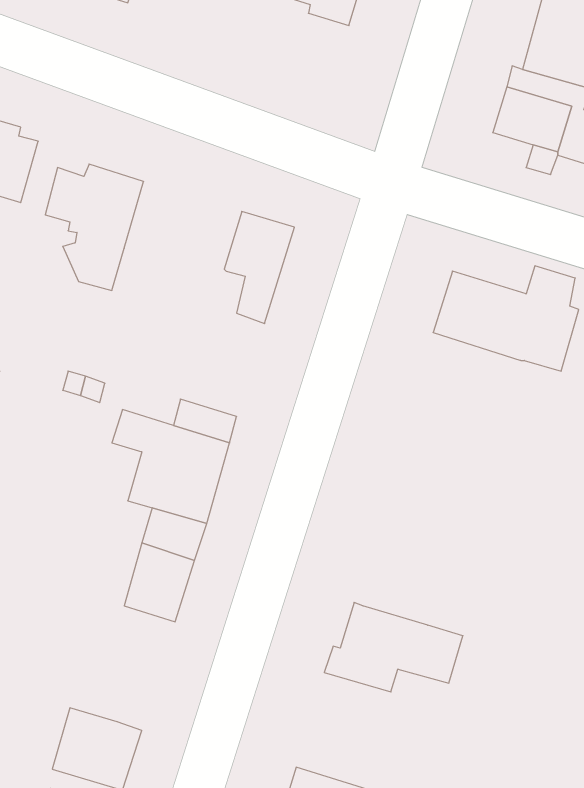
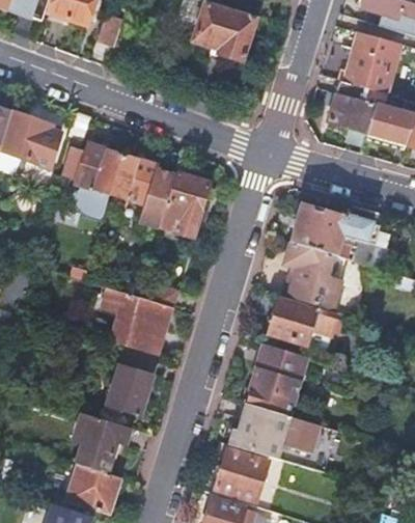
building: none -> [110,153,174,225]
building: none -> [281,242,344,309]
building: none -> [269,300,336,350]
building: none -> [251,345,308,415]
building: none -> [73,412,129,472]
building: none -> [216,449,269,500]

